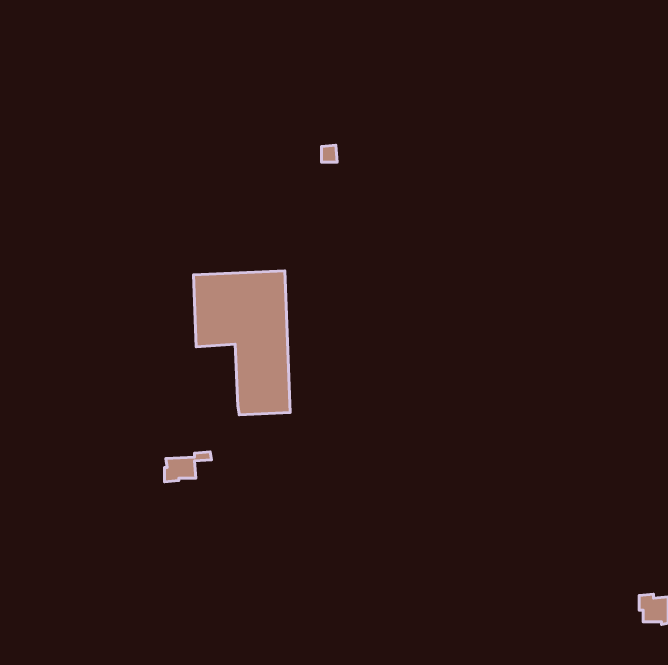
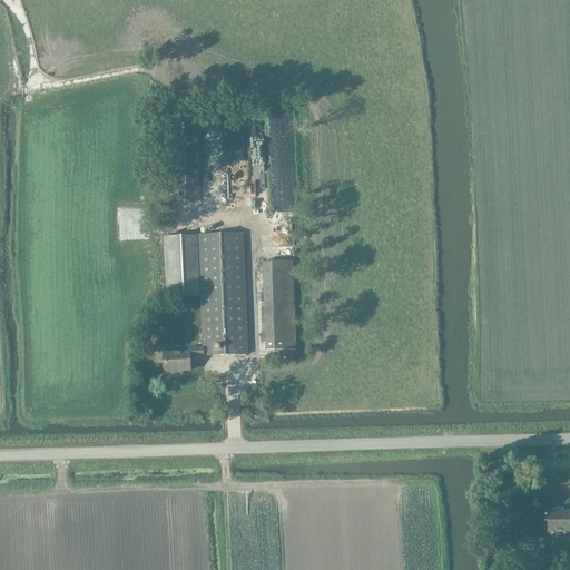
building: none -> [263,258,294,348]
building: [165,452,212,482] -> [164,345,204,371]

